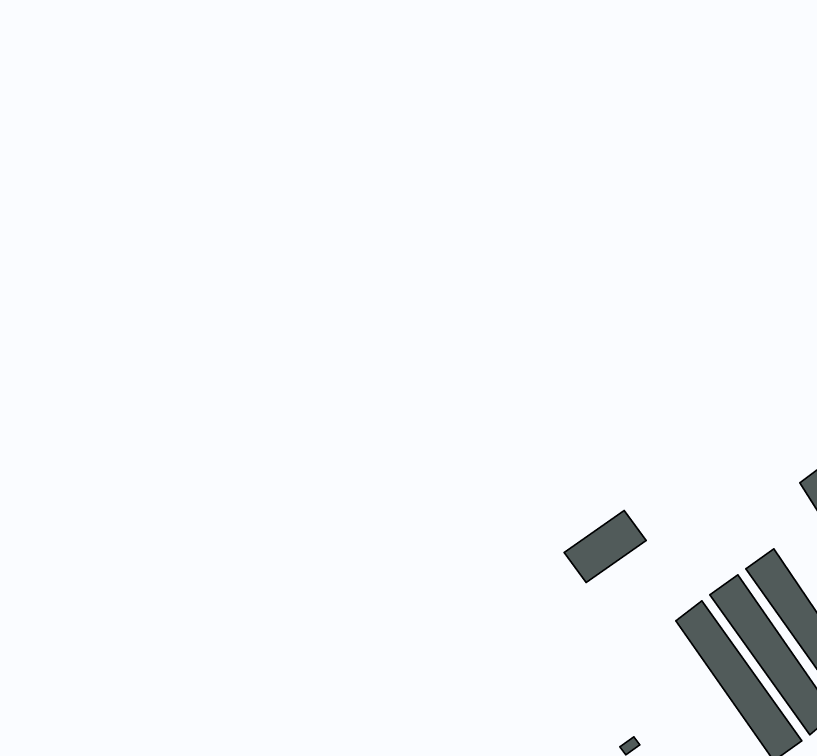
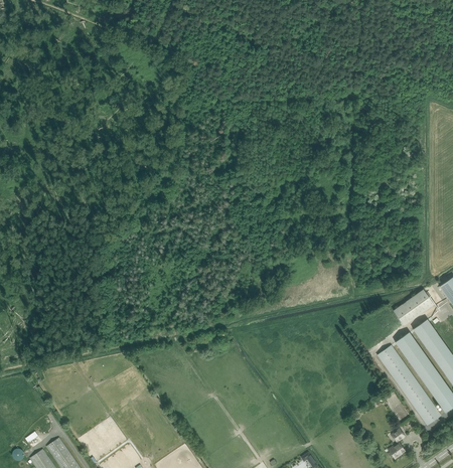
building: [564,511,646,583] -> [393,290,434,326]

